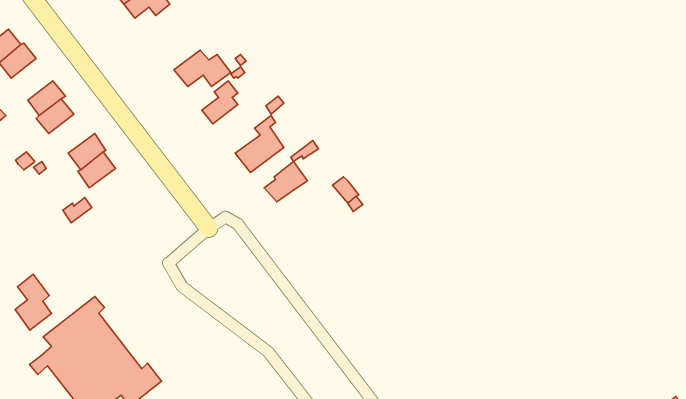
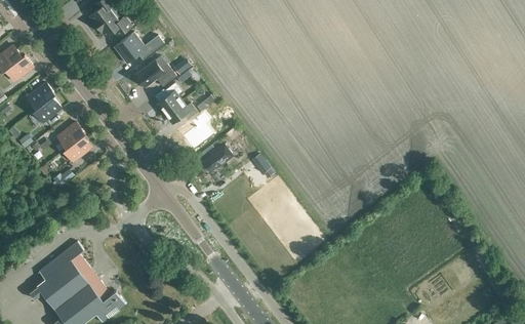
building: none -> [114,32,163,64]
building: none -> [163,100,196,125]
building: [15,274,51,330] -> none

